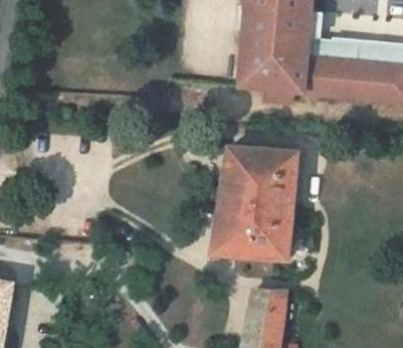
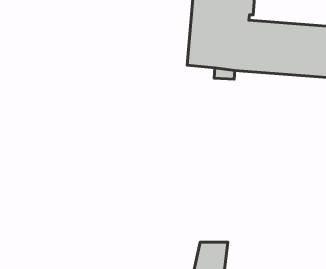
building: [212,149,297,262] -> none

